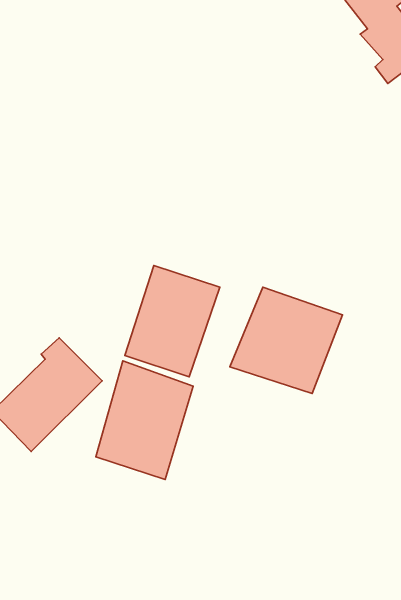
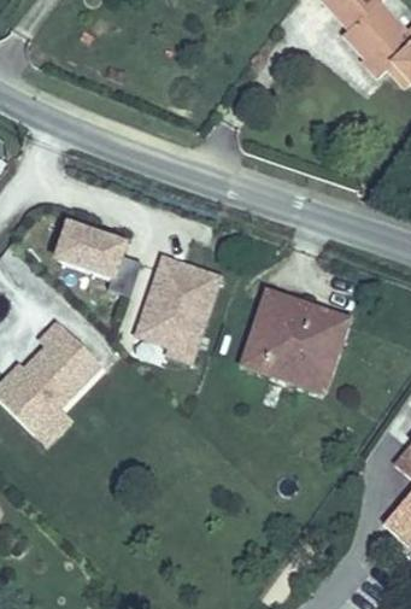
building: none -> [52,223,129,285]
building: [96,361,193,480] -> none

